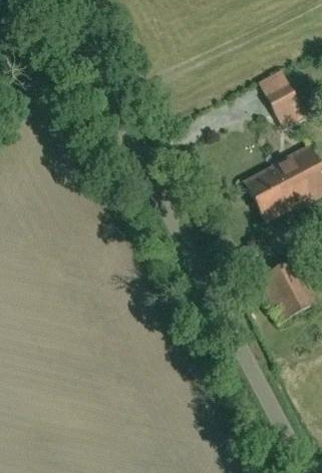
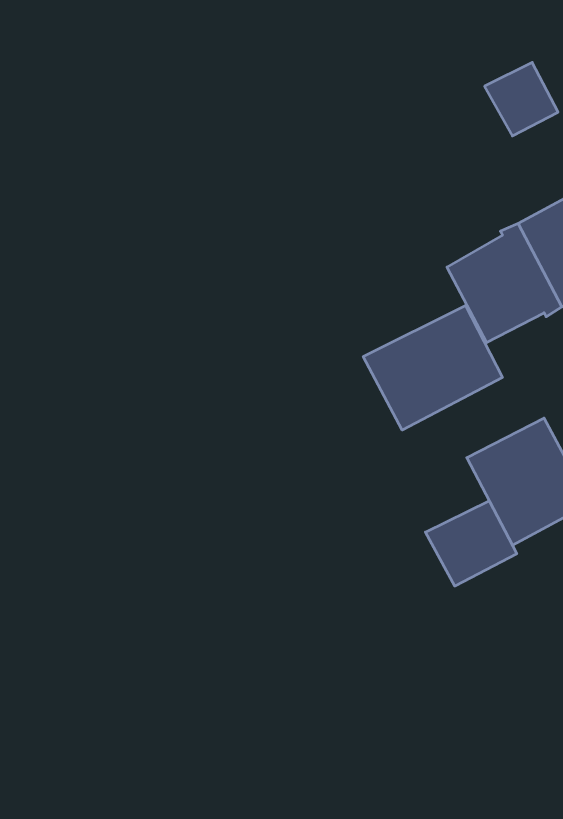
building: none -> [363,305,502,430]
building: none -> [425,501,517,586]

